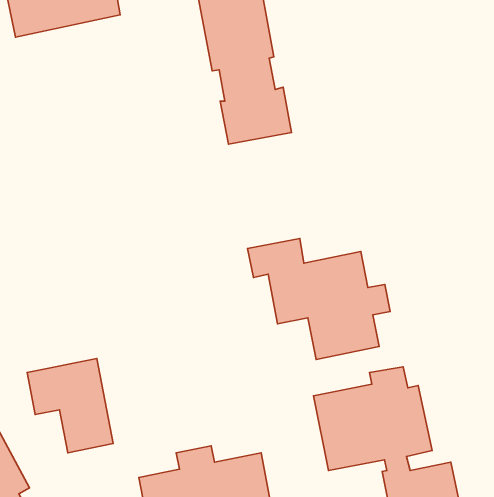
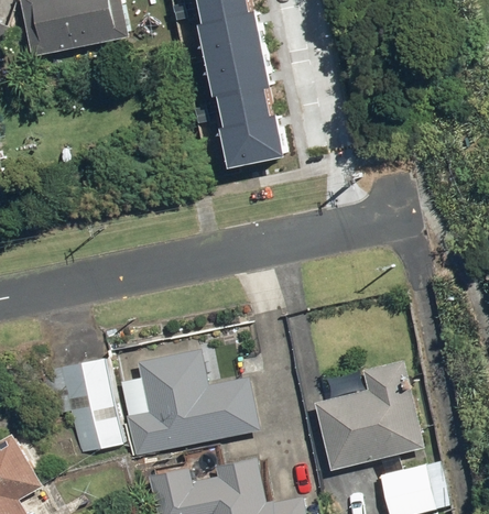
building: [248,238,390,359] -> none
building: none -> [116,346,260,458]

